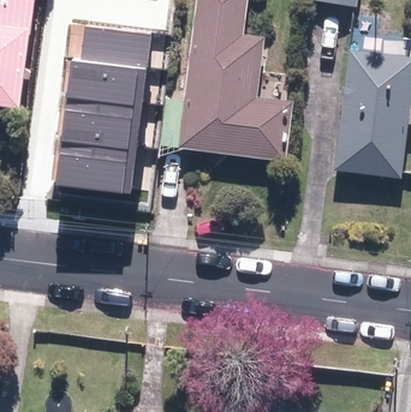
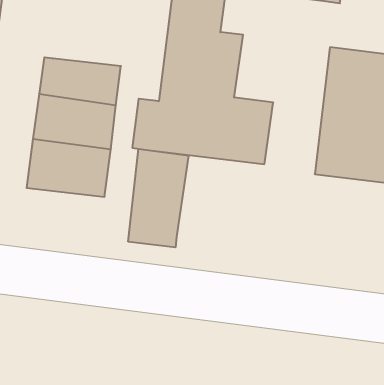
building: [82,23,151,66] -> none
building: none -> [128,149,189,247]

